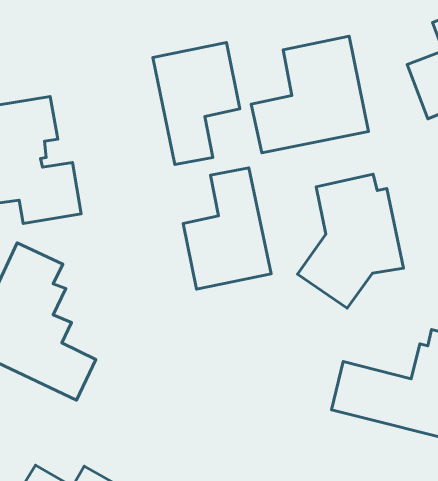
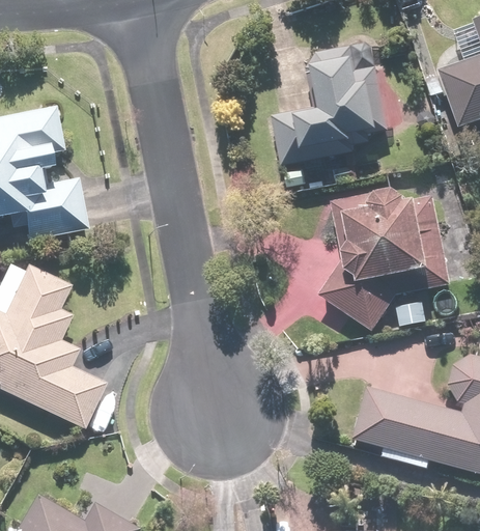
building: [153,43,240,164] -> none
building: [183,168,271,289] -> none

